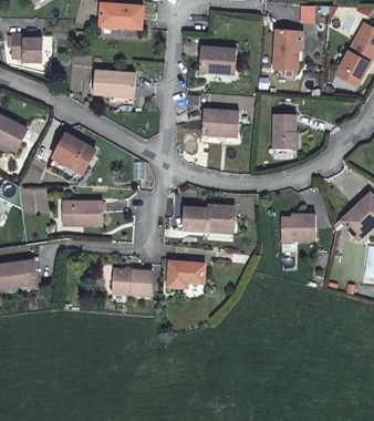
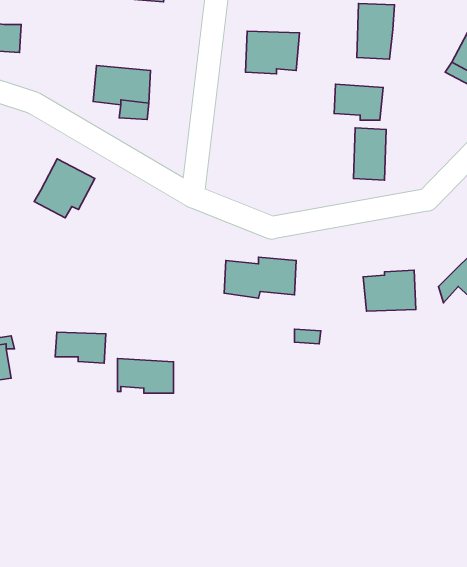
building: [207,113,240,137] -> [334,84,383,120]
building: [72,203,106,224] -> [55,332,106,363]
building: [165,259,202,284] -> none

